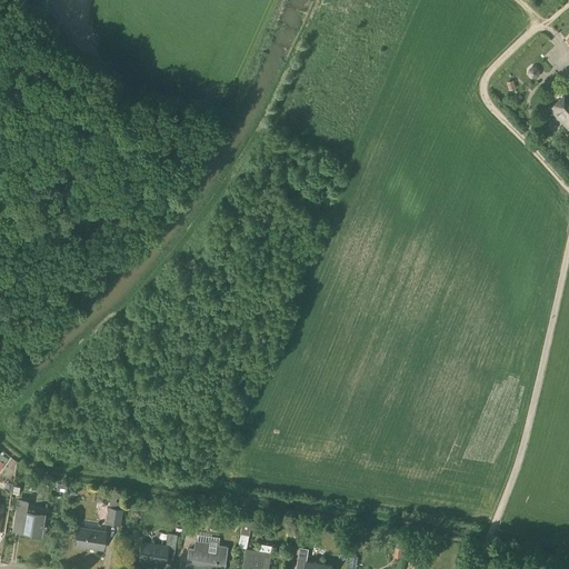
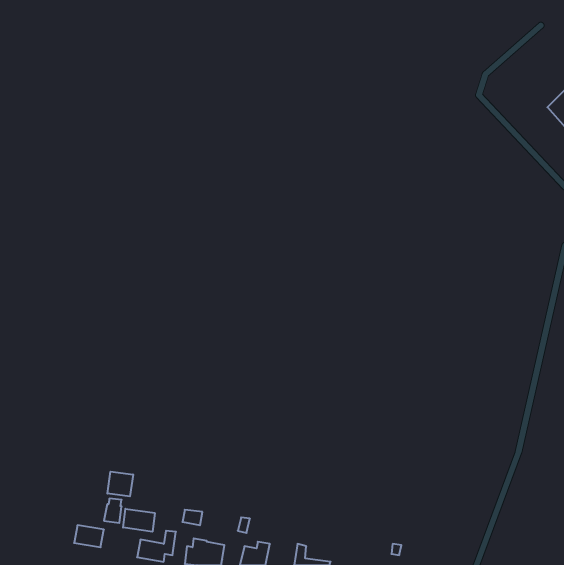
building: none -> [107,472,133,496]
building: [17,501,43,533] -> none
building: none -> [123,509,155,532]

